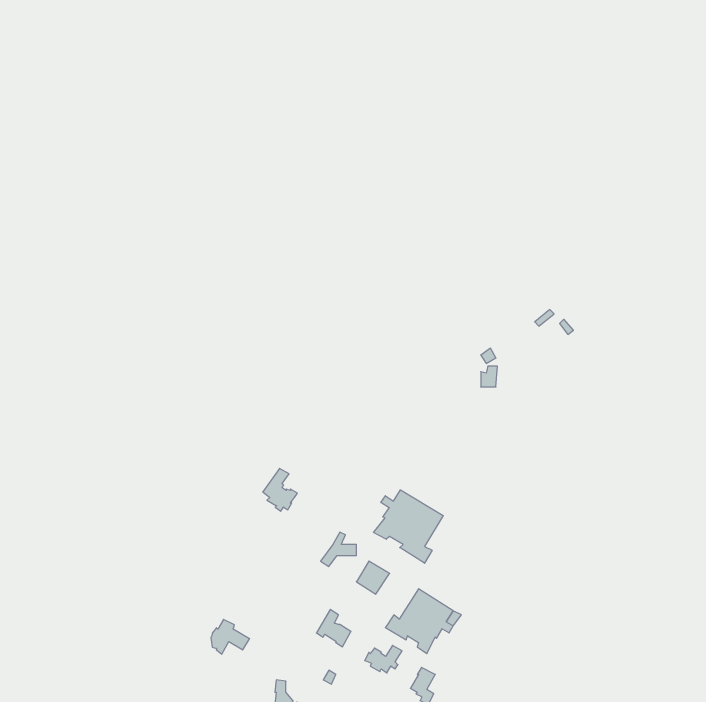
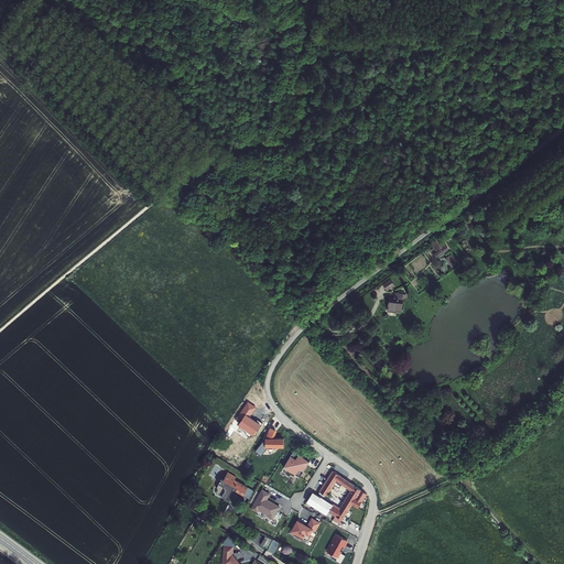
building: [263,468,297,511] -> [236,402,263,436]
building: [374,490,443,563] -> none
building: [211,619,250,654] -> [218,473,249,500]

